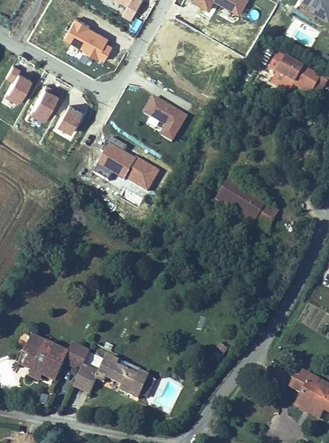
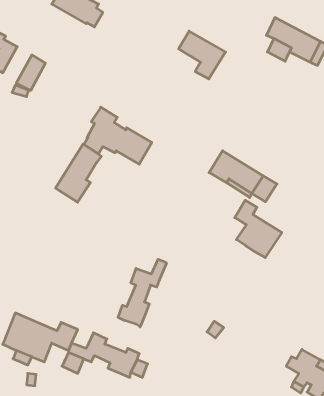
building: [144,96,189,142] -> [179,31,226,79]
building: [59,104,84,132] -> none
building: none -> [56,144,101,202]
building: none -> [235,200,282,258]
building: none -> [118,259,166,327]

